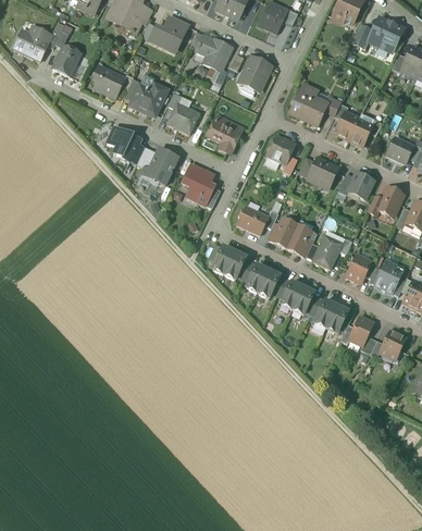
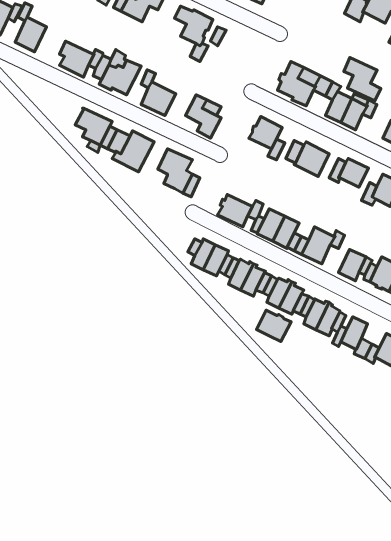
building: [239,55,270,89] -> none
building: none -> [344,57,381,101]
building: none -> [257,310,291,342]

